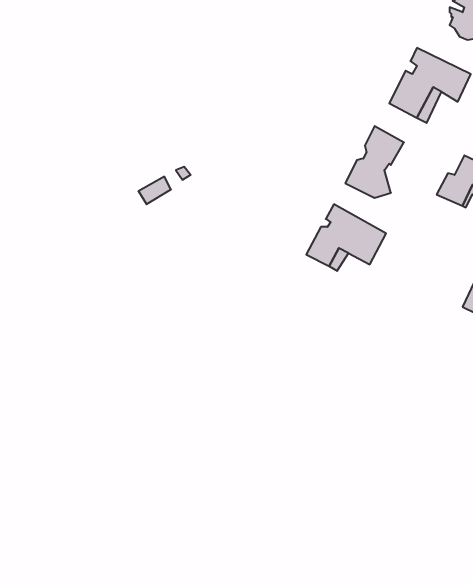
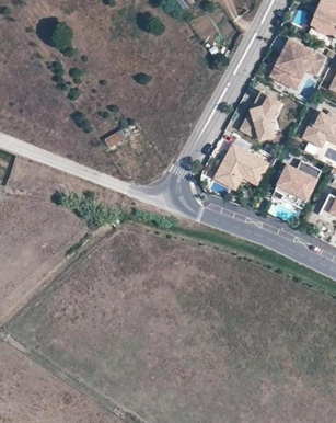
building: none -> [275,160,321,208]

